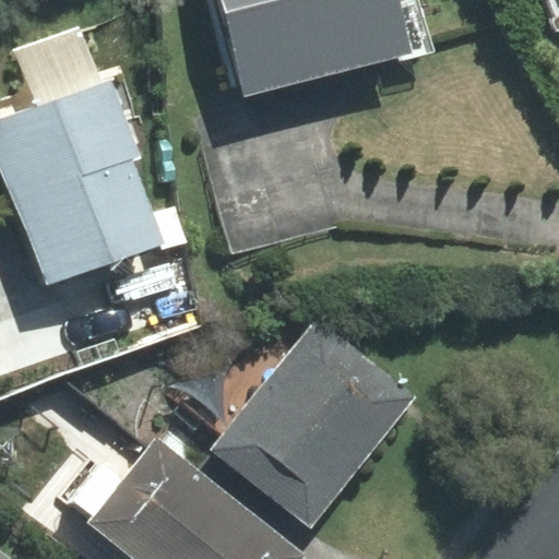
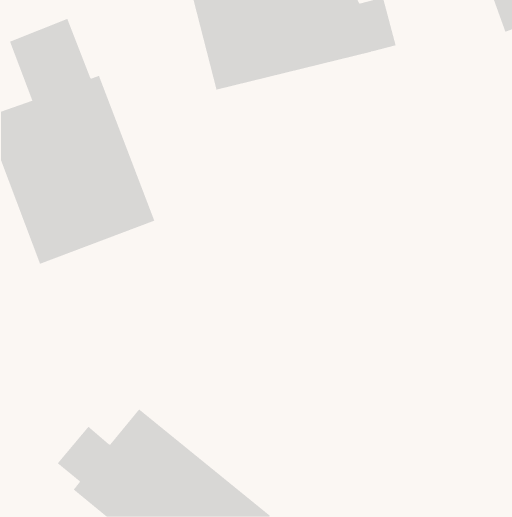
building: [211,321,413,531] -> none

